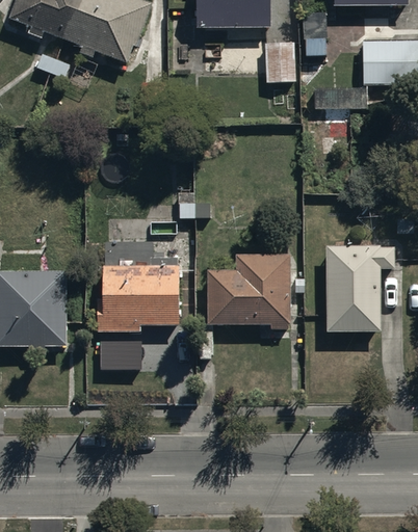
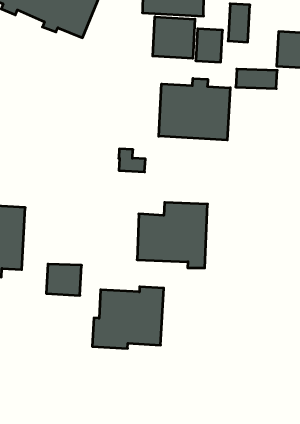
building: none -> [153,17,195,58]
building: none -> [159,78,230,140]
building: [326,242,395,329] -> none
building: [98,257,180,331] -> [92,287,164,348]

